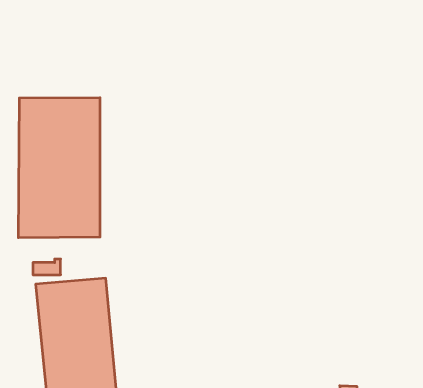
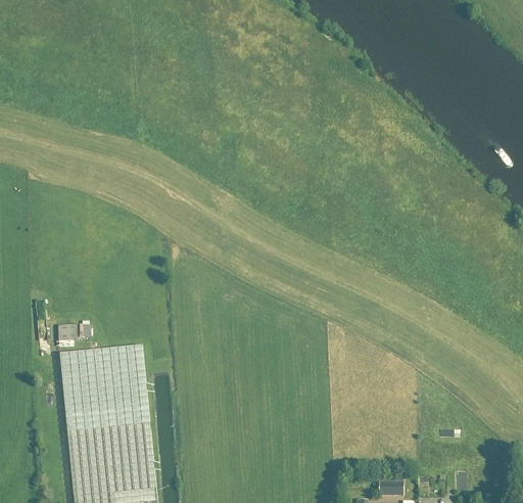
building: [18,98,100,238] -> none

